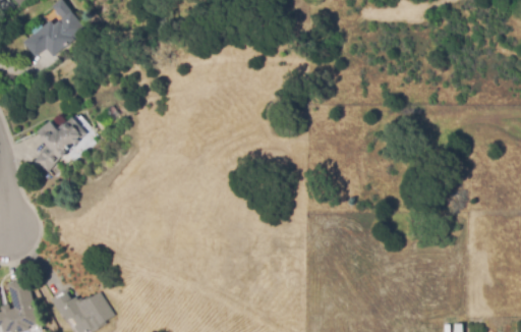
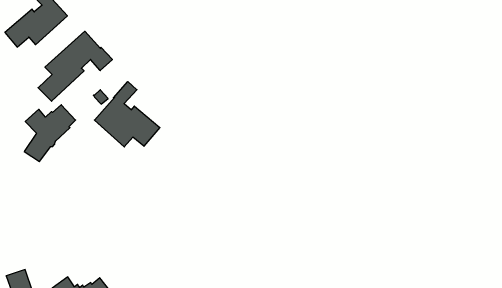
building: none -> [38,31,112,101]
building: none -> [94,82,160,147]

